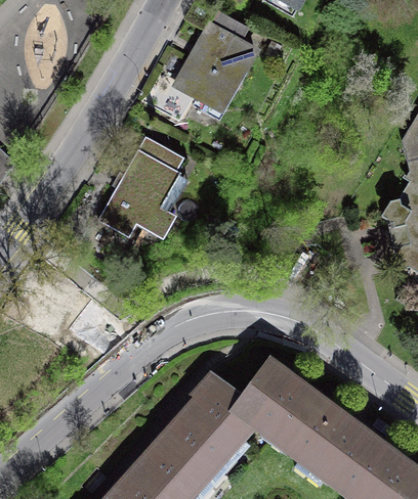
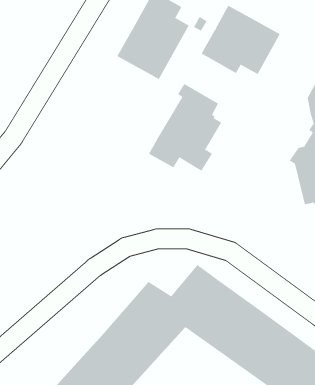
building: none -> [201,5,280,75]
building: [97,144,186,251] -> [148,83,222,172]

